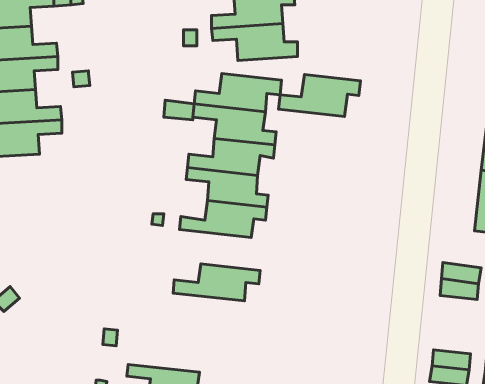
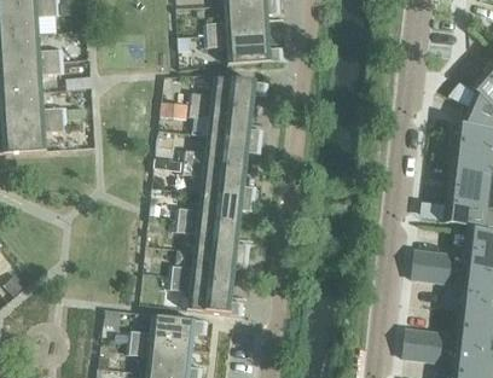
building: [279,75,360,117] -> none
building: none -> [174,220,250,257]
building: none -> [168,278,244,316]
building: none -> [128,315,208,350]

